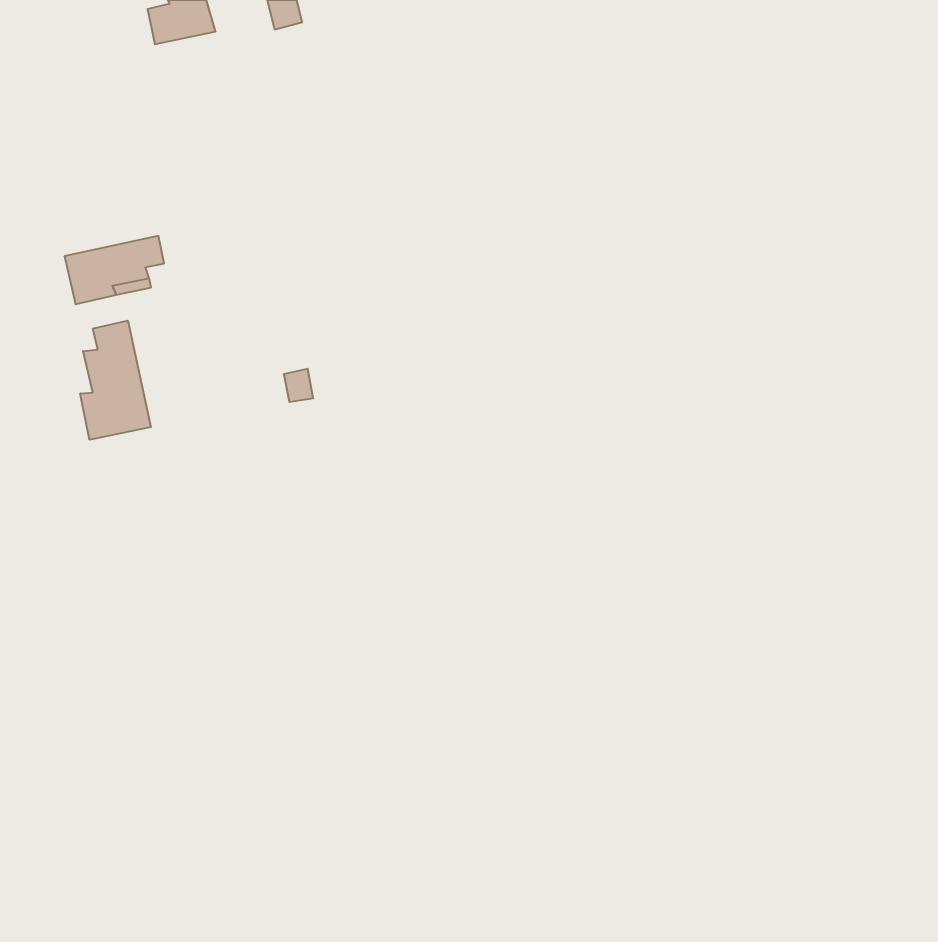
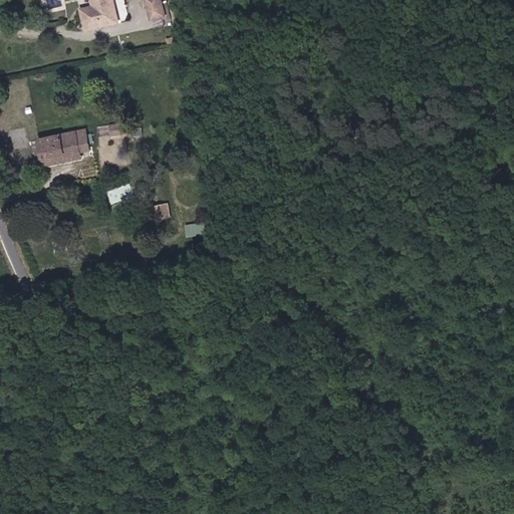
building: [80,321,151,440] -> none

